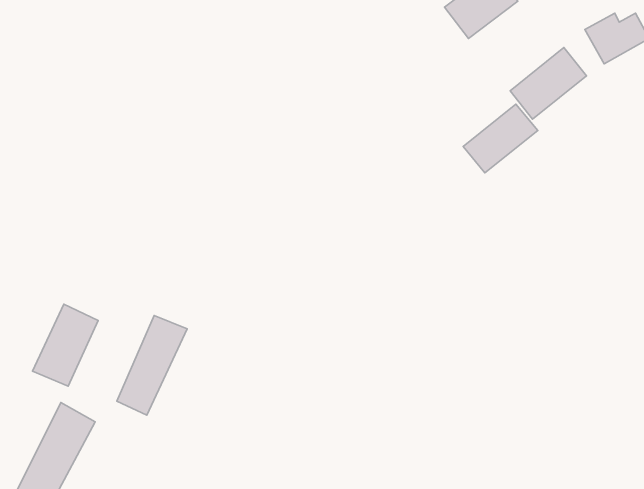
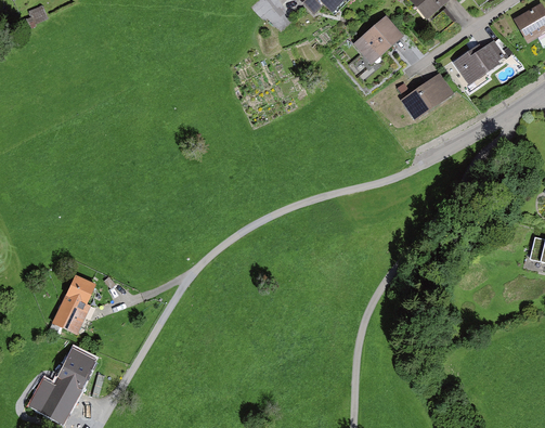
building: [463,104,538,173] -> none
building: [117,315,187,415] -> none

